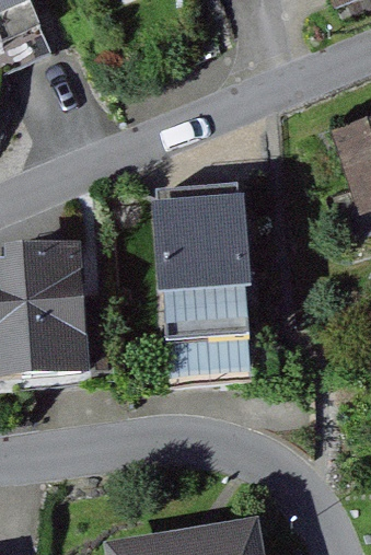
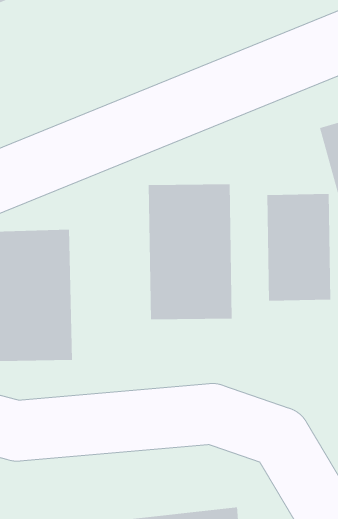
building: none -> [267,193,331,301]

